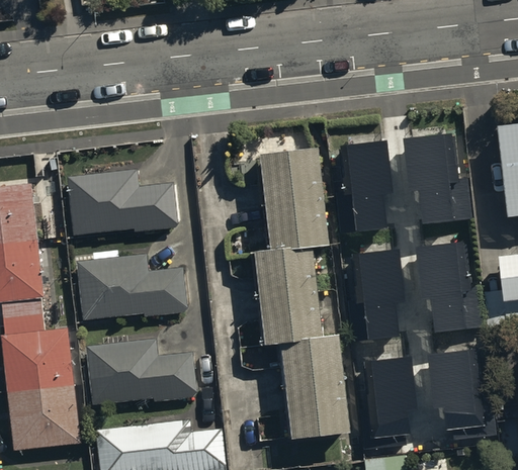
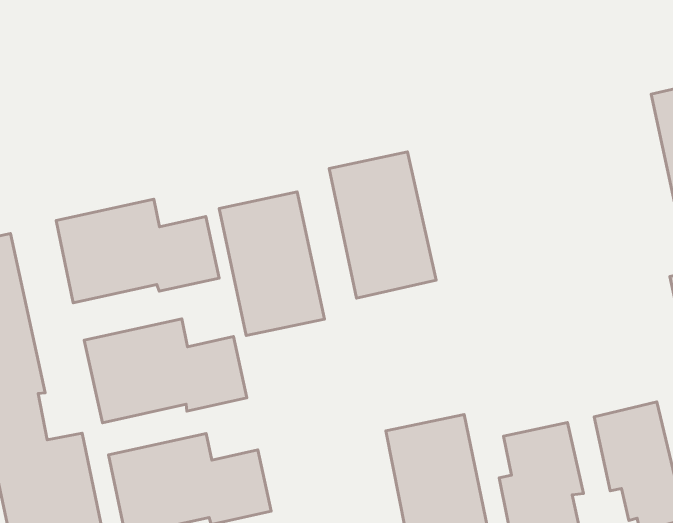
building: [406,132,474,223] -> none
building: [342,139,395,229] -> none
building: [419,240,483,331] -> none
building: [355,248,406,337] -> none
building: [255,250,322,348] -> [219,192,324,336]

